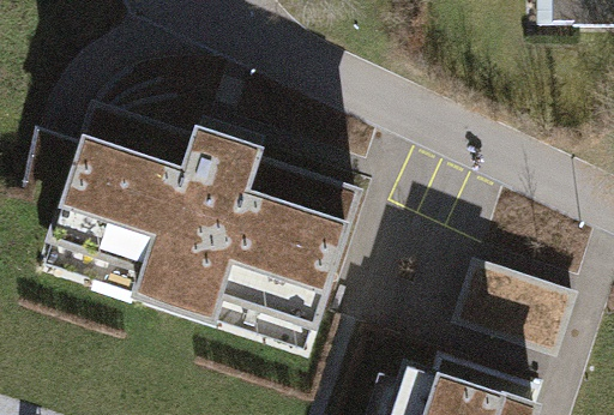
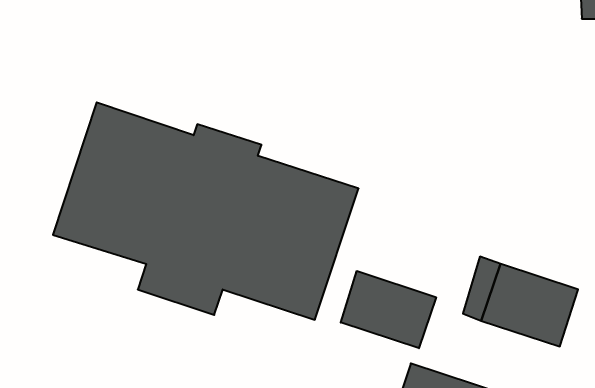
building: none -> [341,271,436,348]

